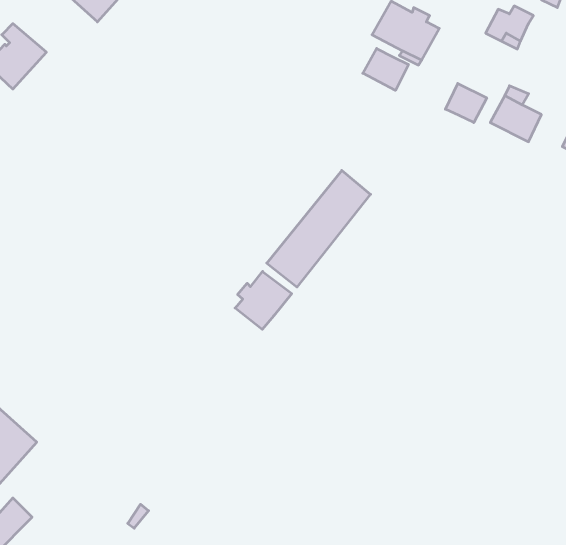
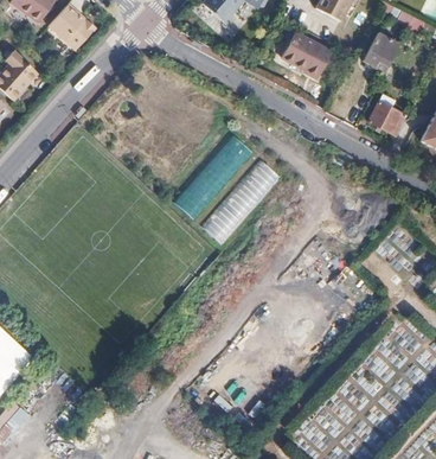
building: [363,48,408,90] -> none
building: [445,83,487,123] -> none
building: [235,271,292,329] -> none

